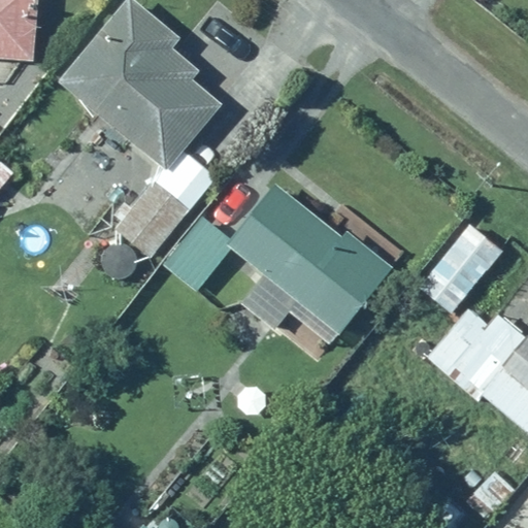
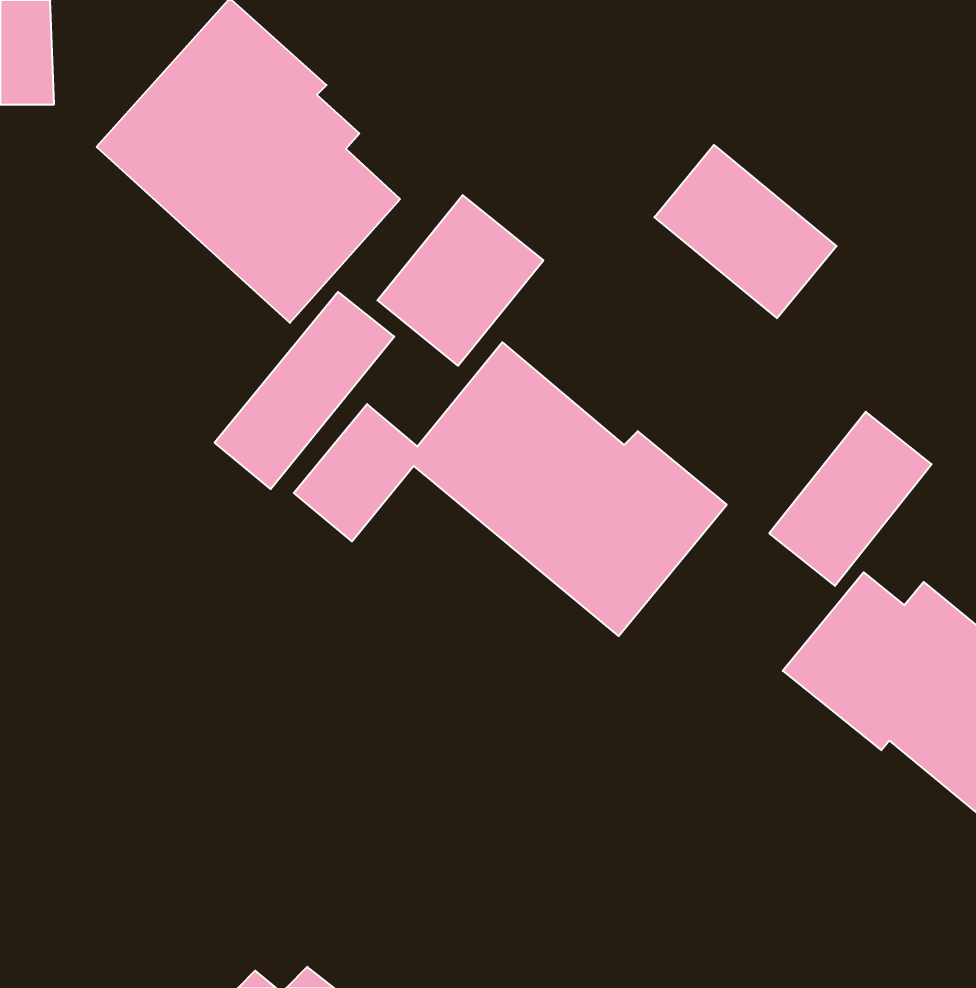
building: none -> [654,145,837,318]
building: none -> [377,195,543,366]

